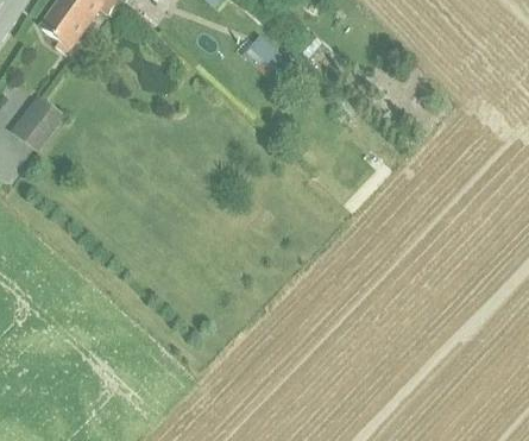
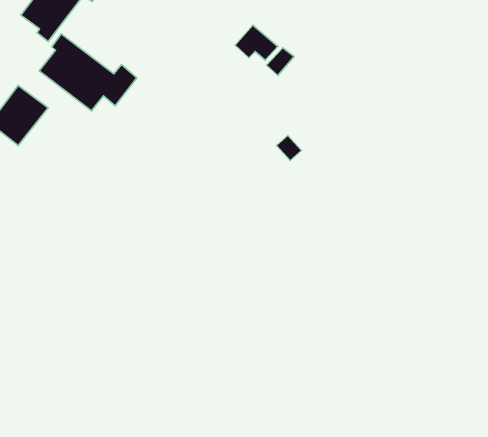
building: none -> [39,34,137,111]

